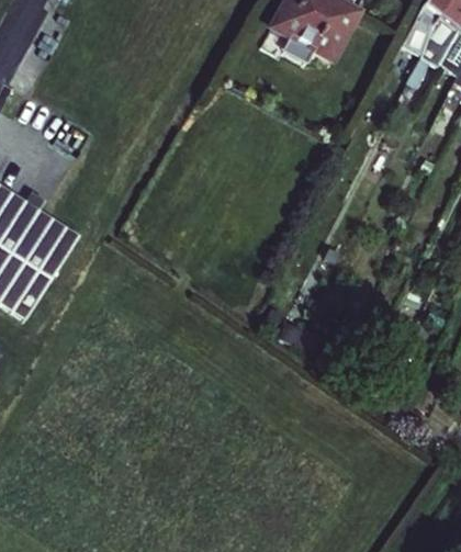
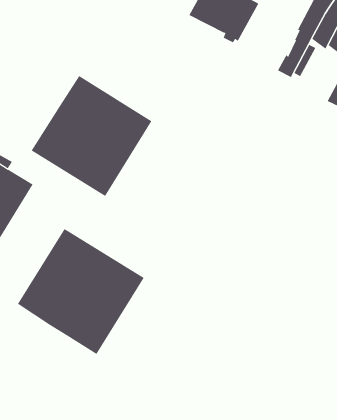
building: none -> [31,75,152,197]
building: none -> [17,228,145,355]

